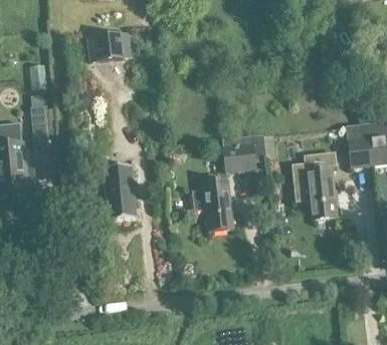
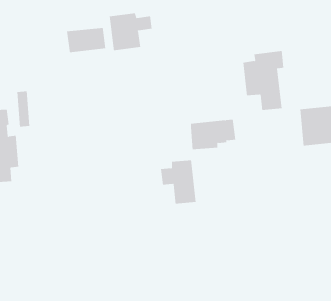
building: none -> [109,12,152,51]
building: [292,151,338,218] -> [243,51,284,110]
building: [109,163,135,217] -> none

